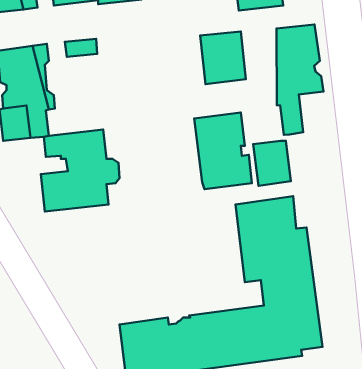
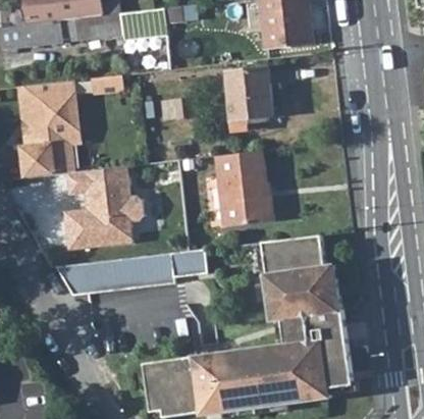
building: [276,24,324,135] -> none
building: [253,141,291,186] -> none
building: none -> [53,249,204,296]

